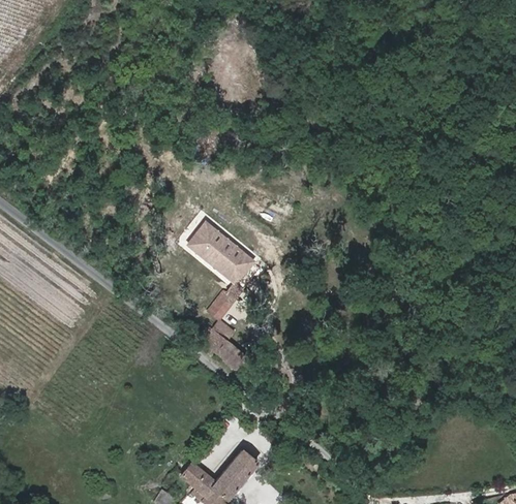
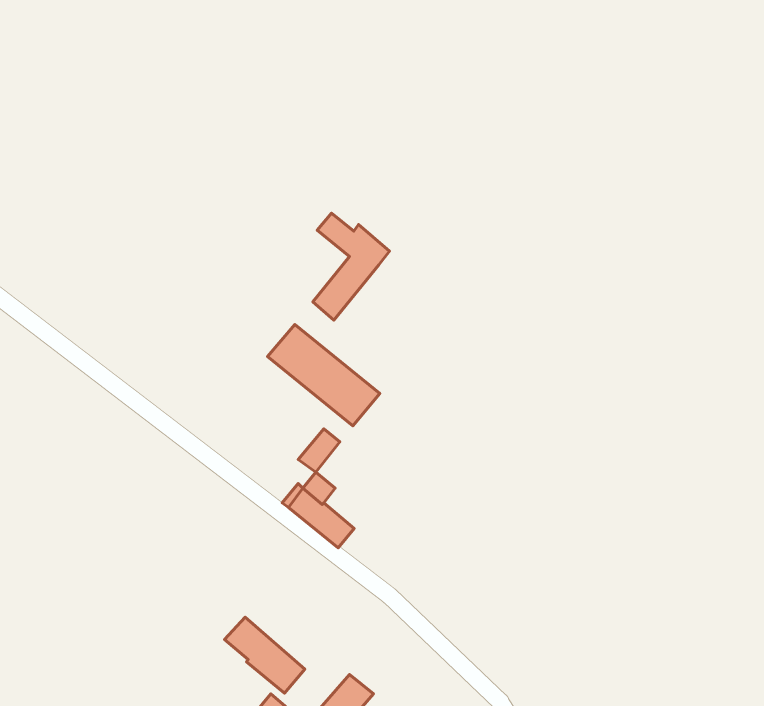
building: none -> [313,213,389,320]
building: none -> [224,617,305,693]

